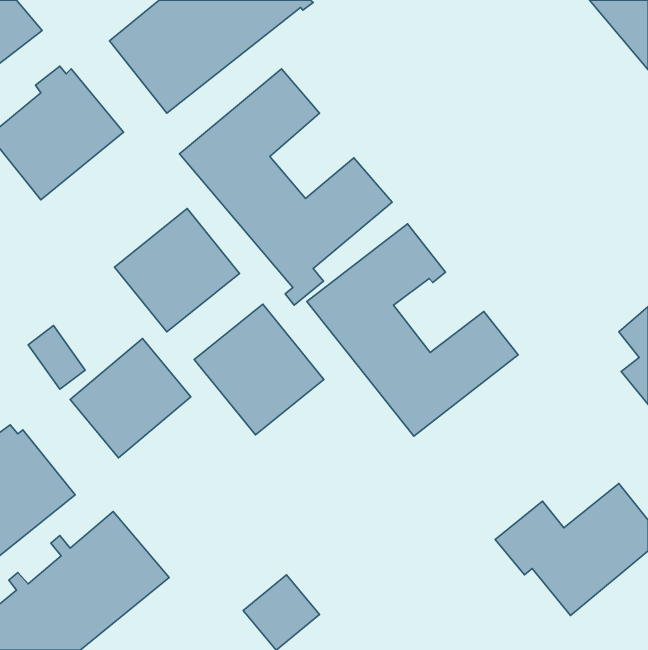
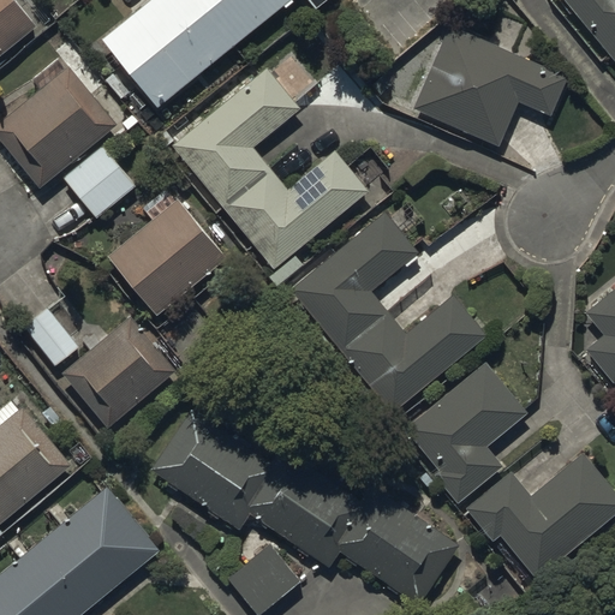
building: none -> [413,28,566,149]
building: none -> [64,143,138,217]
building: [194,304,324,435] -> none
building: none -> [406,360,530,502]
building: none -> [148,411,455,604]

